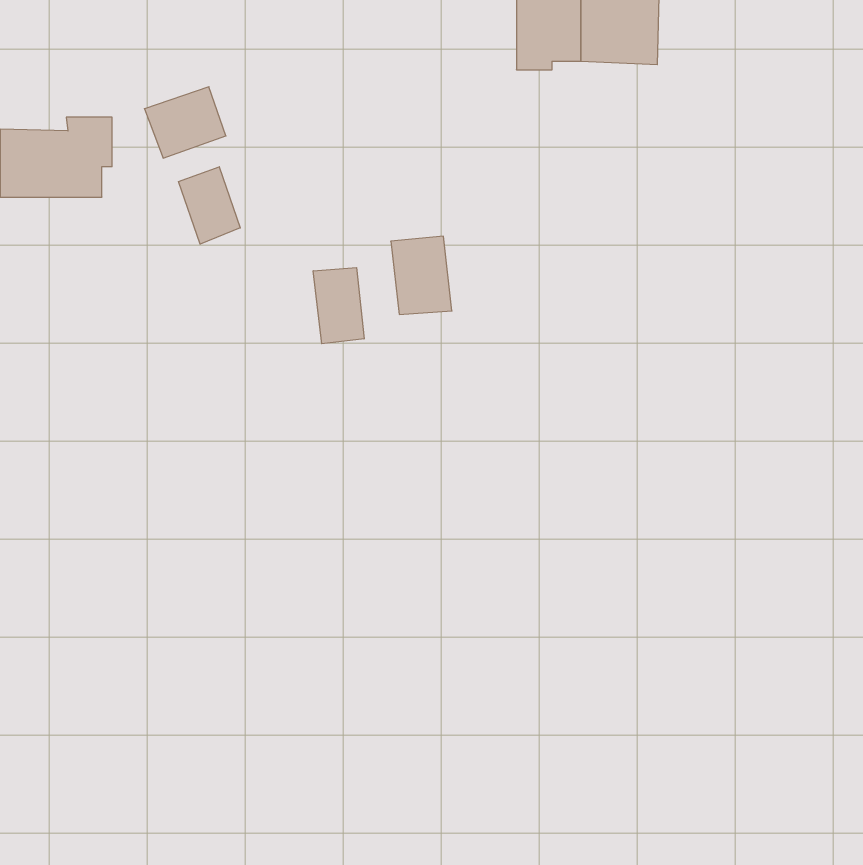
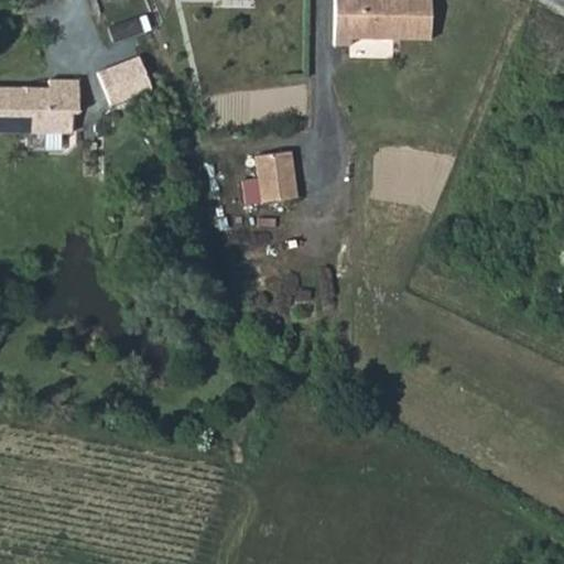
building: [179,167,240,244] -> none
building: [313,268,364,344] -> none

